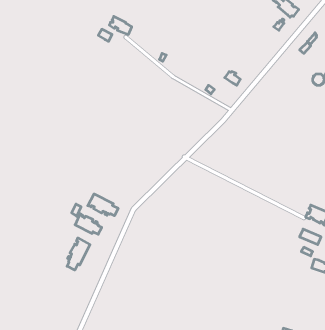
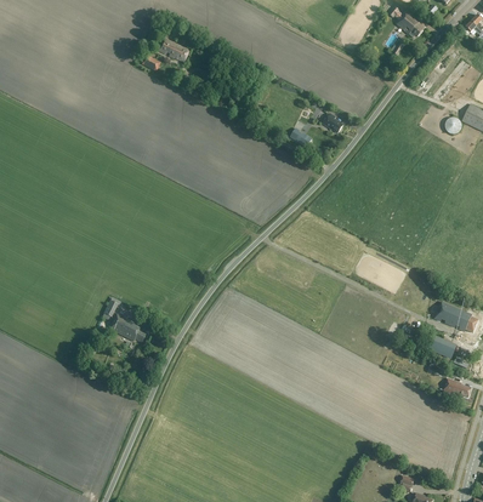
building: [88,194,118,216] -> none
building: [67,238,90,270] -> none

